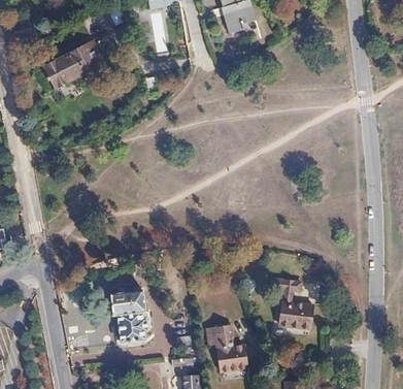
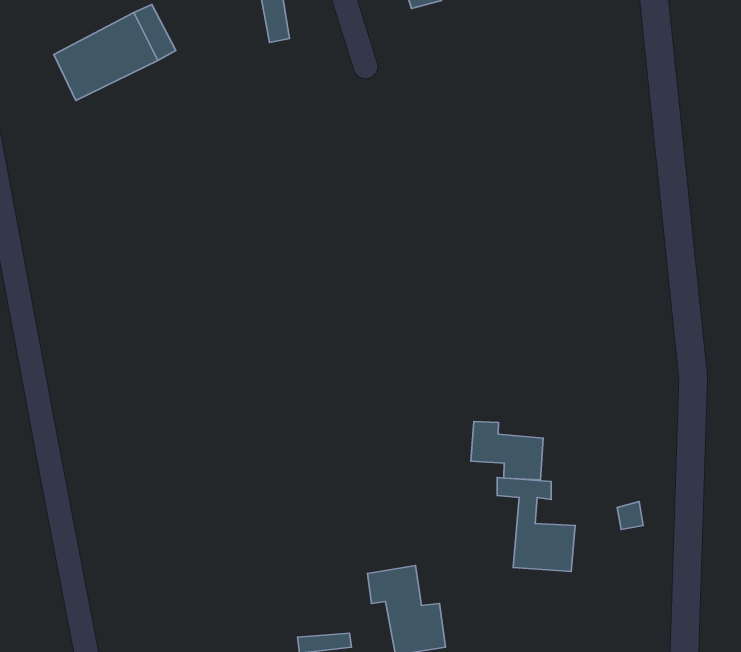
building: none -> [471,421,543,480]
building: [110,291,150,344] -> none

